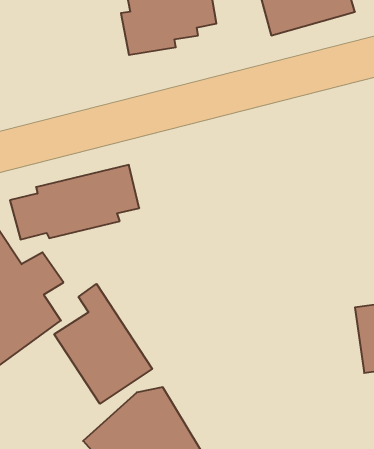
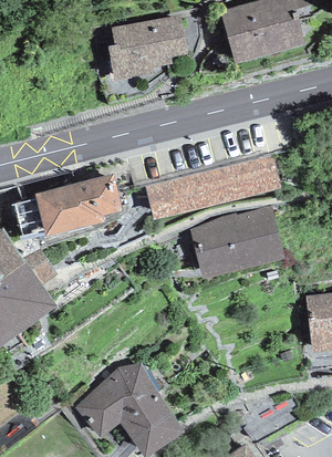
building: none -> [144,156,281,221]
building: none -> [187,207,284,281]
building: [54,284,152,404] -> none

